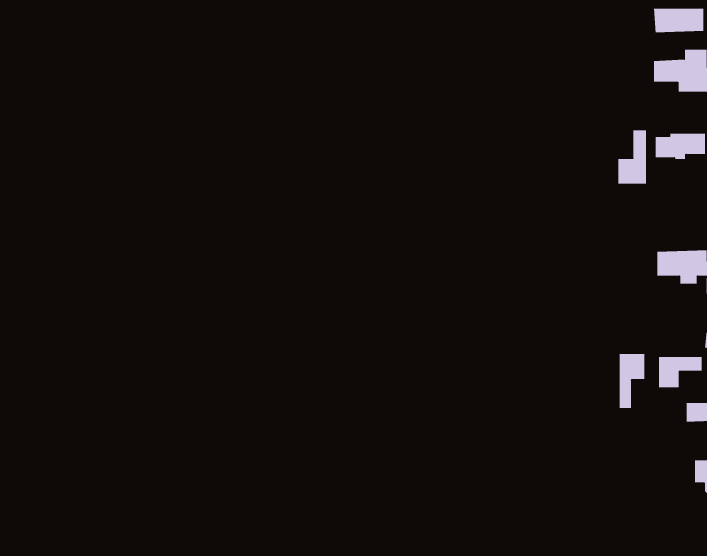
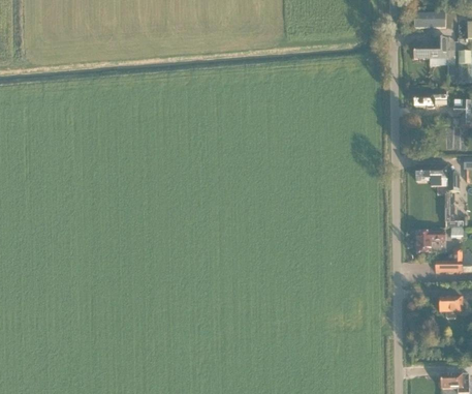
building: [618,130,647,185] -> none
building: [619,353,645,409] -> none

